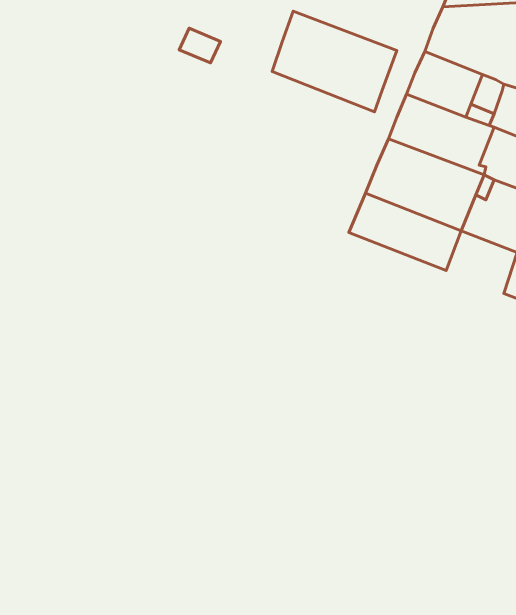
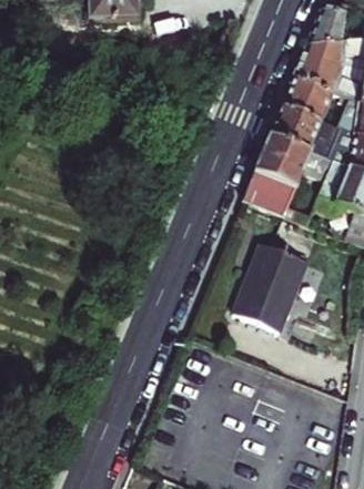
building: [272,11,397,112] -> none
building: none -> [232,244,305,330]

